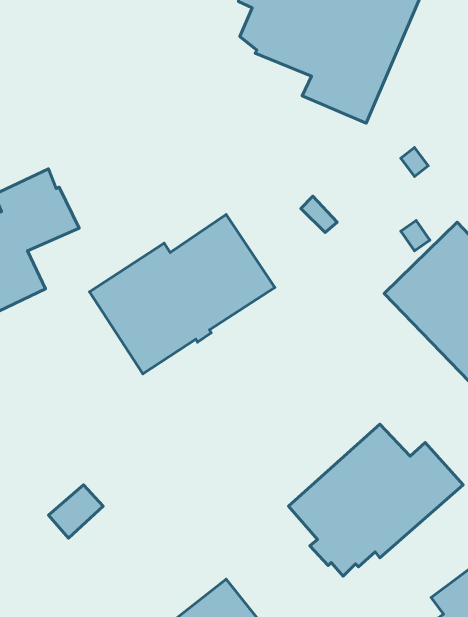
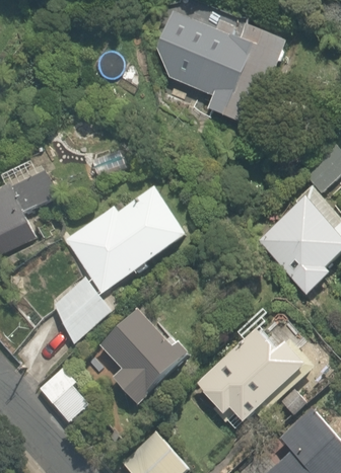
building: none -> [51,279,110,344]
building: none -> [97,309,188,405]

